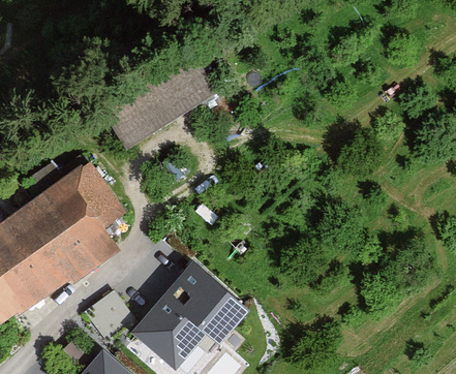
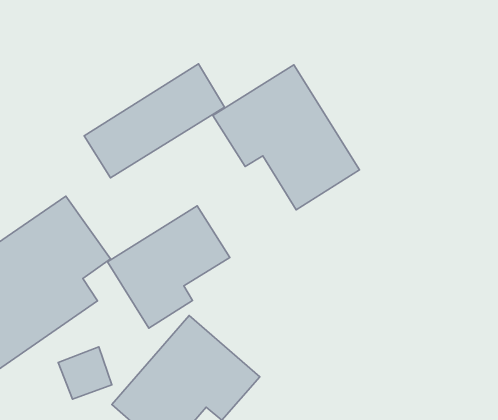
building: none -> [213,65,359,210]
building: none -> [107,206,230,328]

